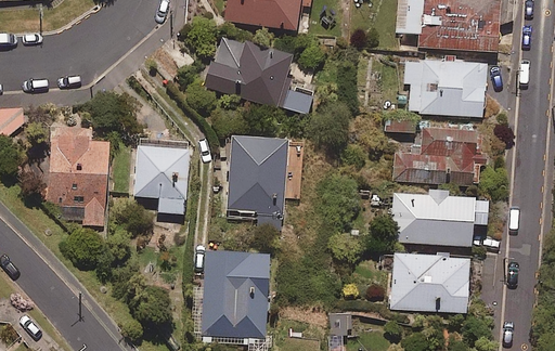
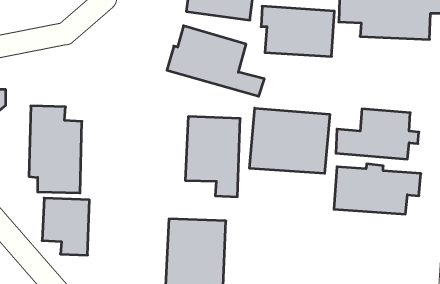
building: [404,60,487,116] -> [261,6,334,56]
building: none -> [250,108,330,173]
building: [134,148,188,212] -> [42,198,89,255]
building: [391,253,469,311] -> none

